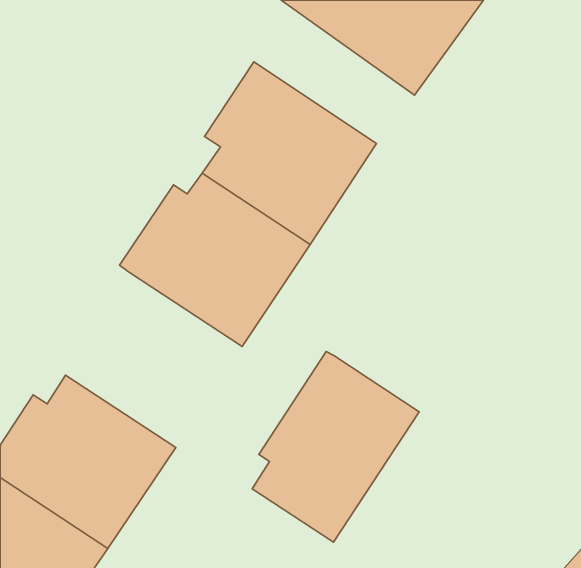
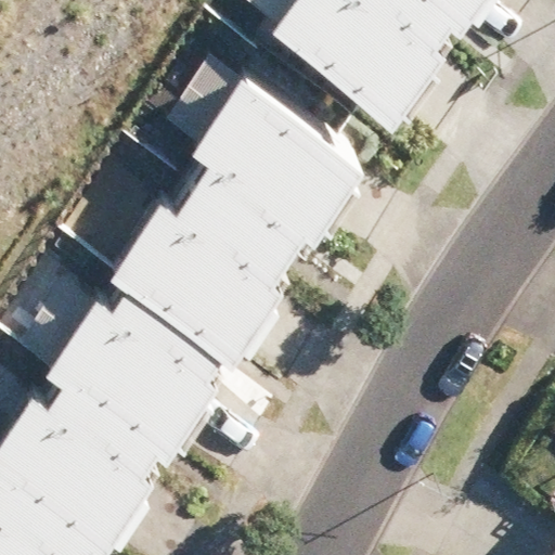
building: none -> [55,274,234,440]
building: [252,351,419,542] -> none

